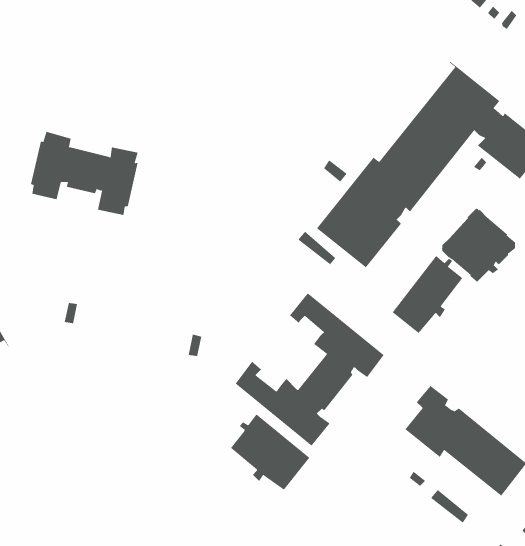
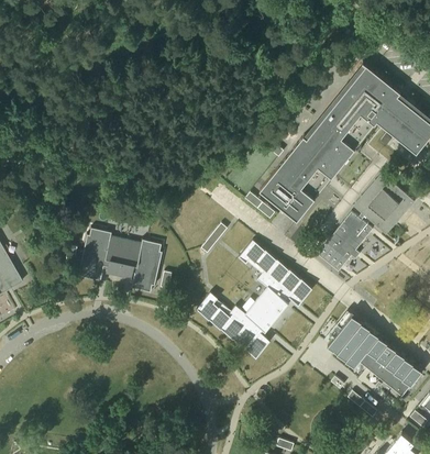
building: [30,131,138,215] -> [78,229,162,294]
building: [230,414,310,490] -> none

